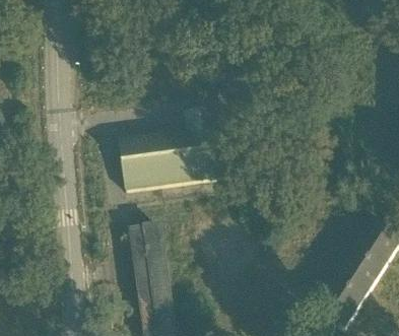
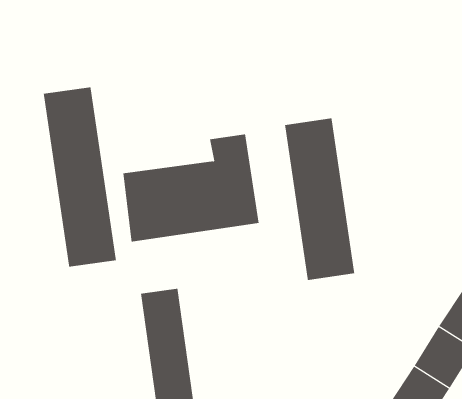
building: none -> [43,86,117,268]
building: none -> [284,118,355,281]

